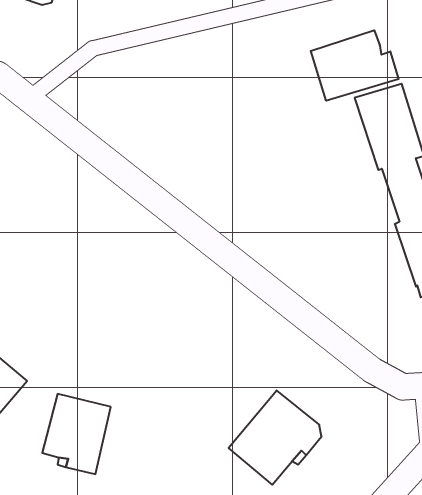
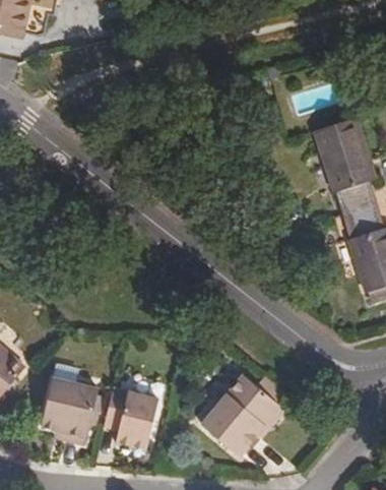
building: [311,30,399,101] -> none
building: none -> [106,391,160,453]

